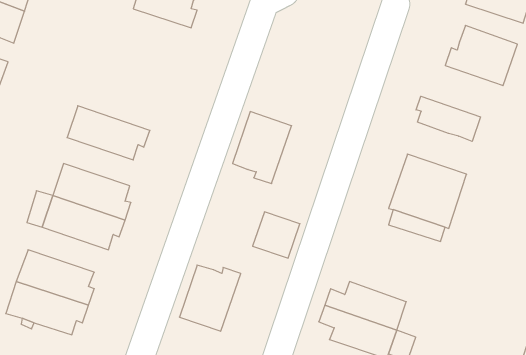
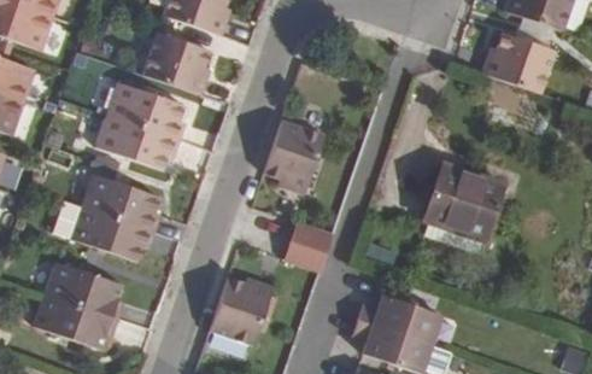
building: none -> [142,31,210,93]
building: none -> [106,81,186,139]
building: [416,96,480,141] -> none

